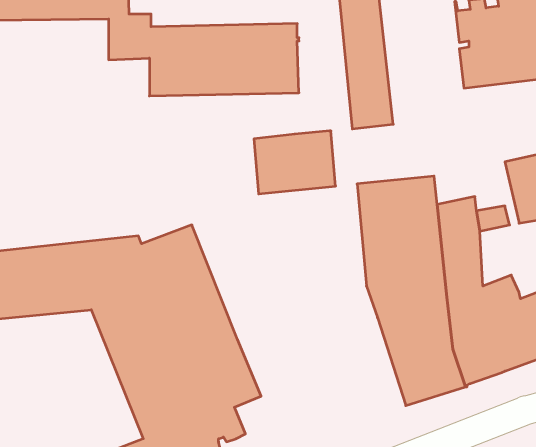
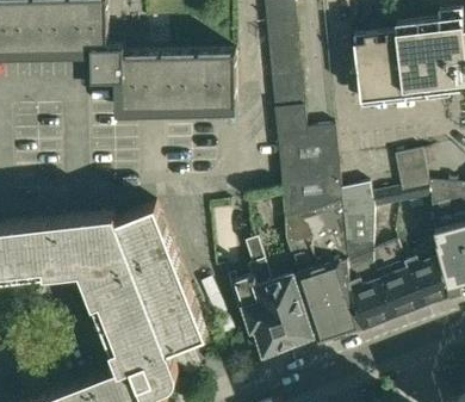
building: [254,131,336,194] -> [277,126,339,174]
building: none -> [227,240,311,355]

